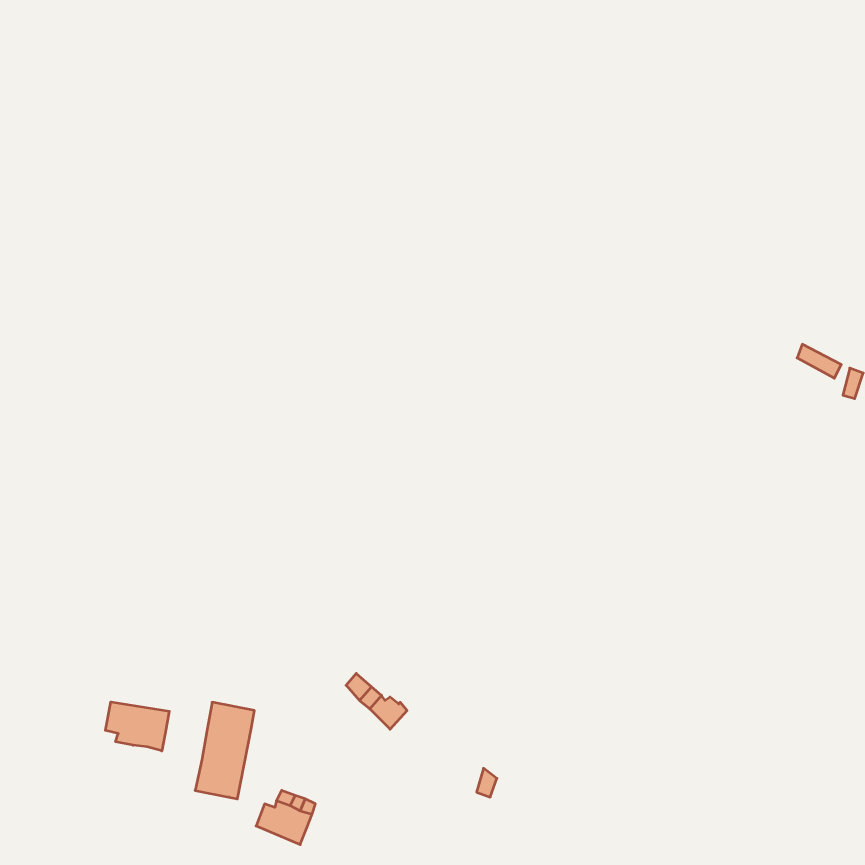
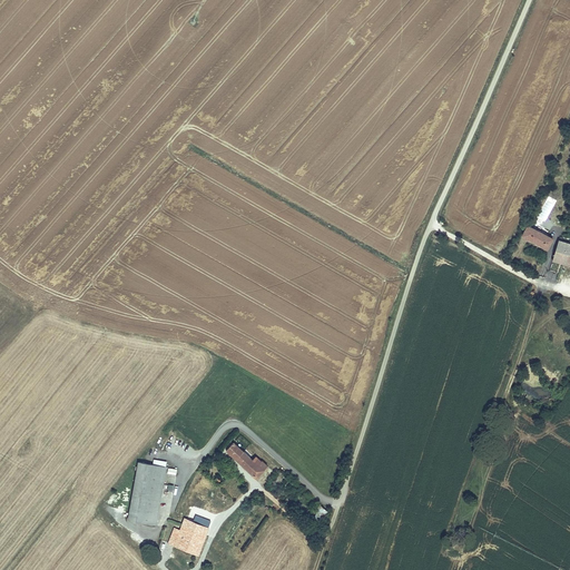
building: [105,702,169,751] -> none

